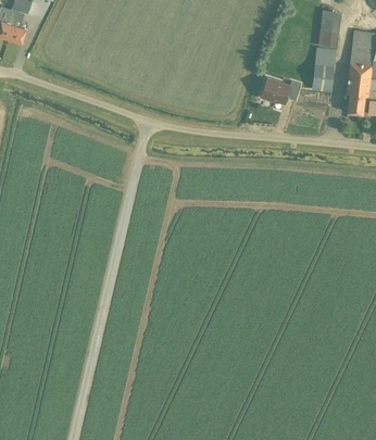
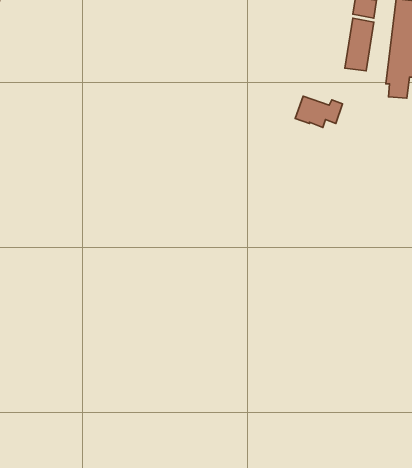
building: [261,77,300,103] -> [295,96,342,128]

